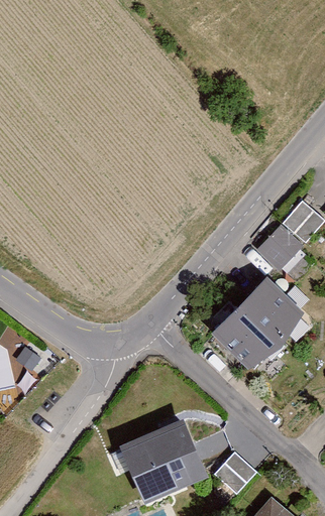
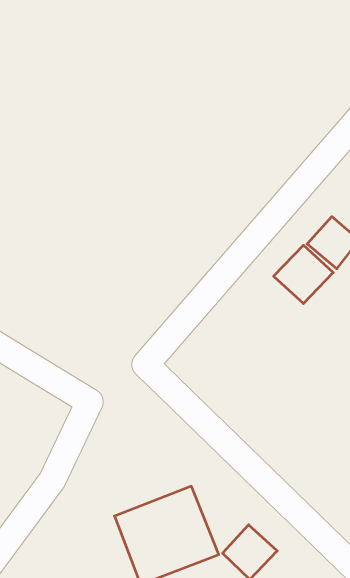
building: [213,282,300,367] -> none

